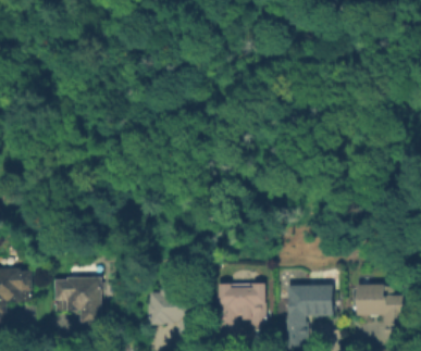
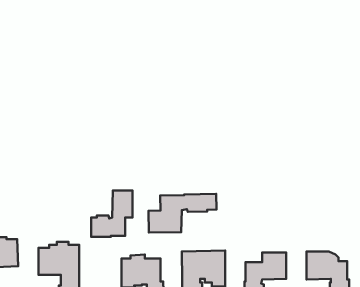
building: none -> [91,191,133,237]
building: none -> [149,194,217,233]

